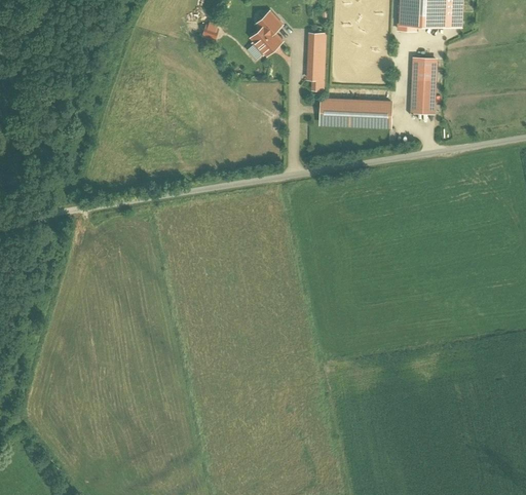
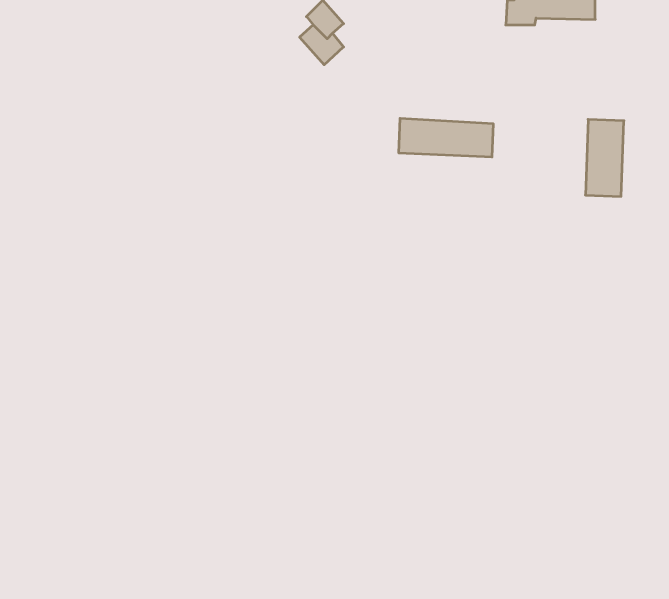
building: [302,33,322,81] -> none
building: [413,54,442,112] -> [585,119,624,196]

